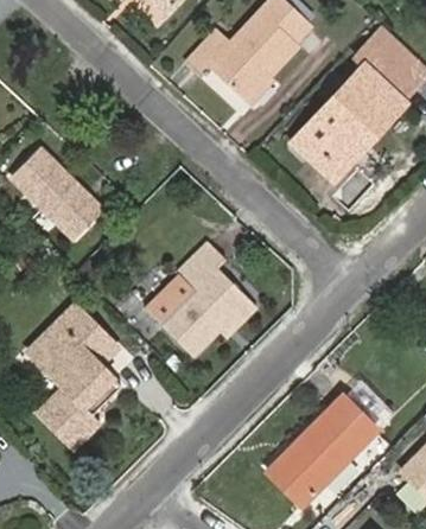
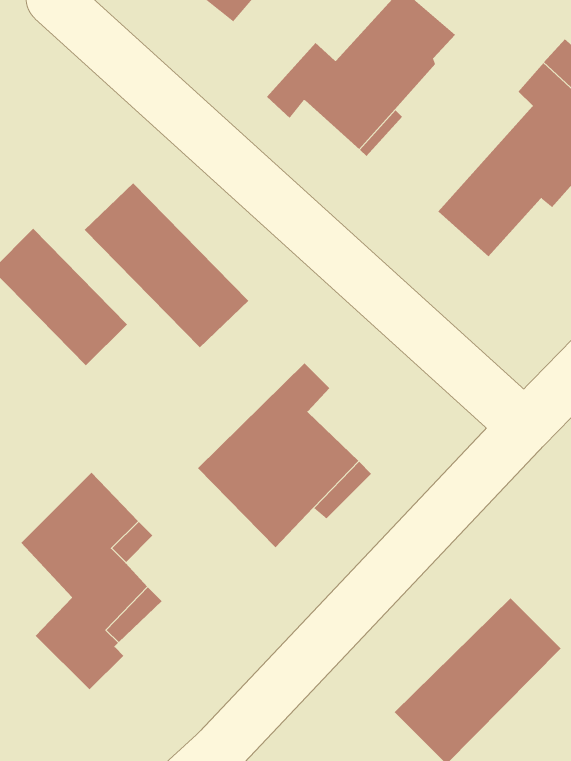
building: none -> [84,183,249,348]
building: [292,130,374,183] -> none

